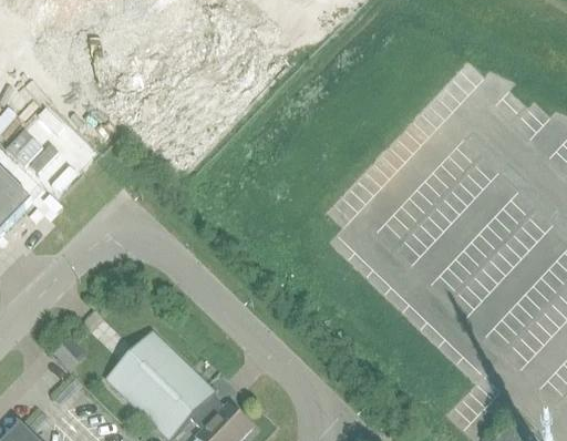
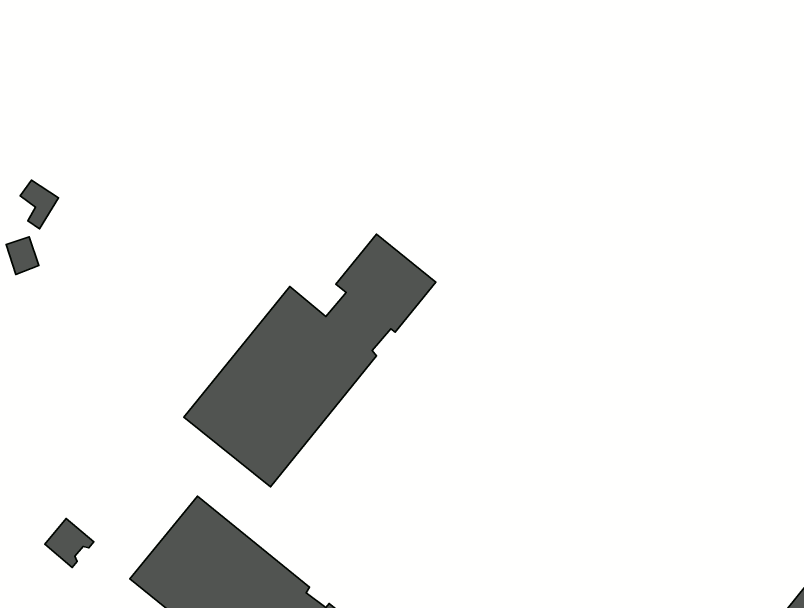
building: none -> [184,234,436,487]

